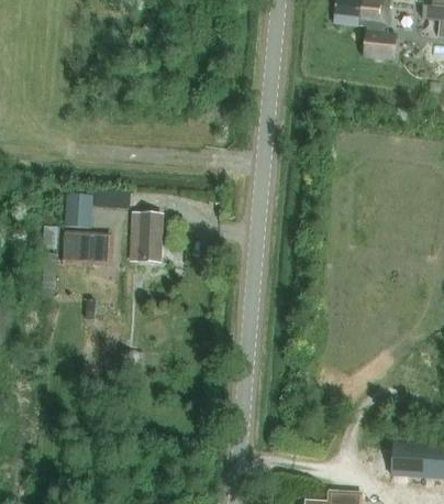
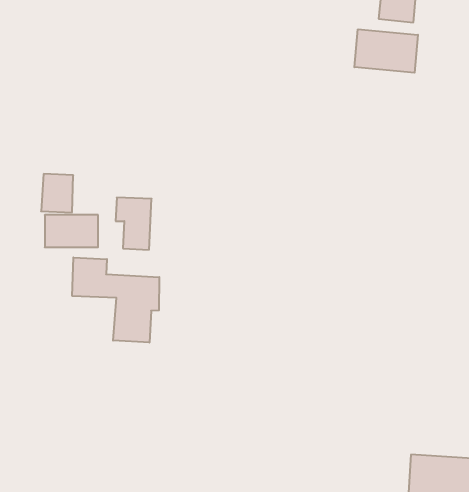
building: none -> [354,29,418,73]
building: none -> [72,257,159,343]

